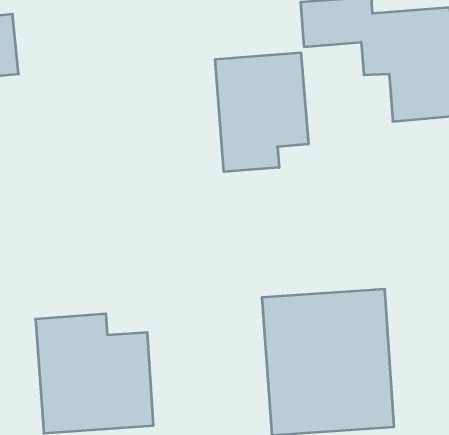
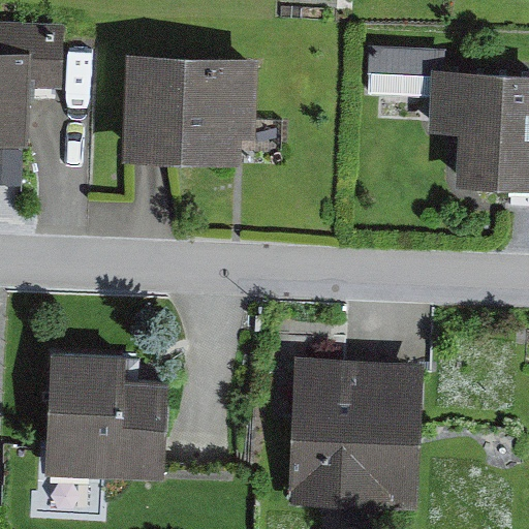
building: none -> [123,54,258,165]
building: [215,53,308,172] -> none

